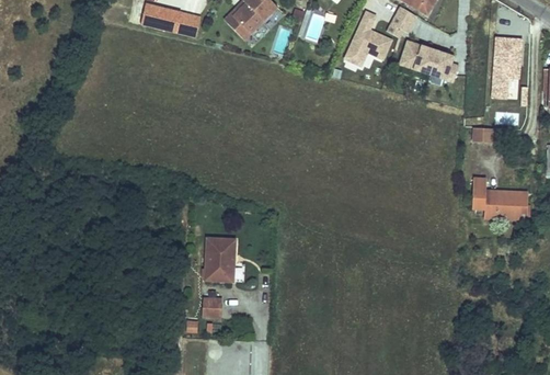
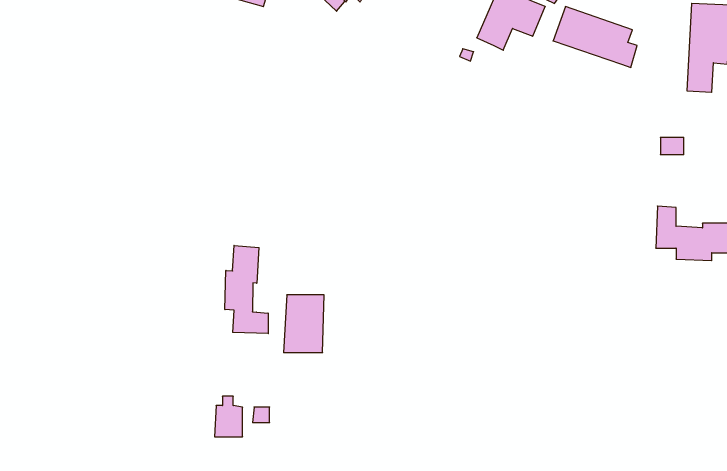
building: none -> [225,245,268,334]
building: [203,289,222,318] -> [215,396,243,437]

